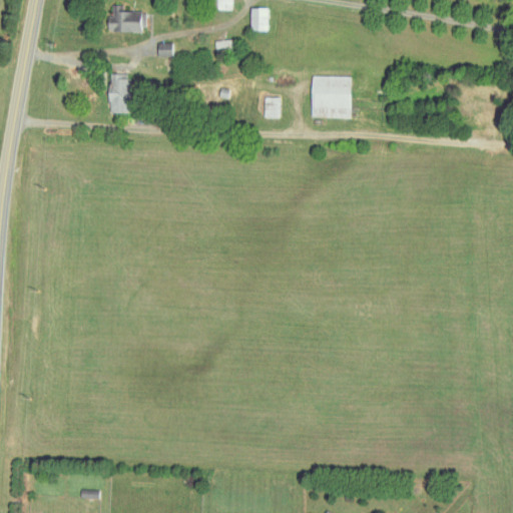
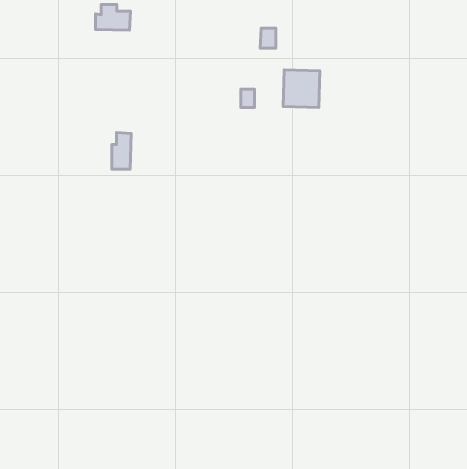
building: [250,8,268,30] -> [260,28,276,48]
building: [109,73,130,113] -> [112,133,131,169]

